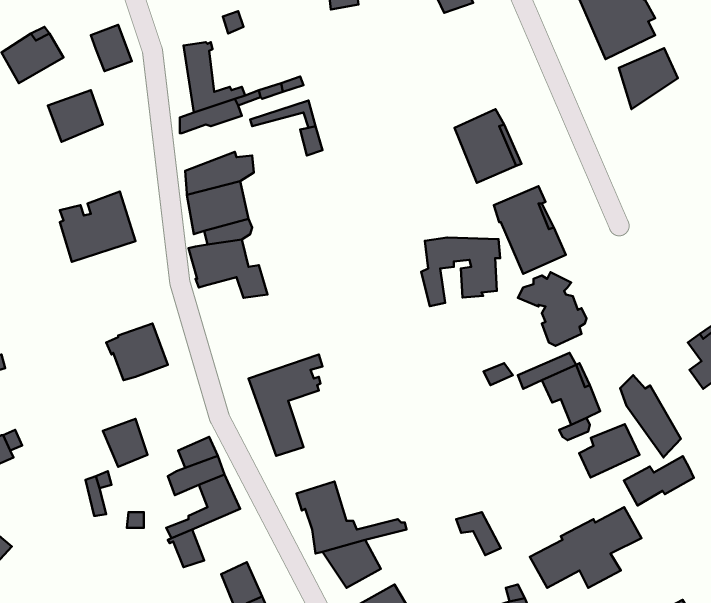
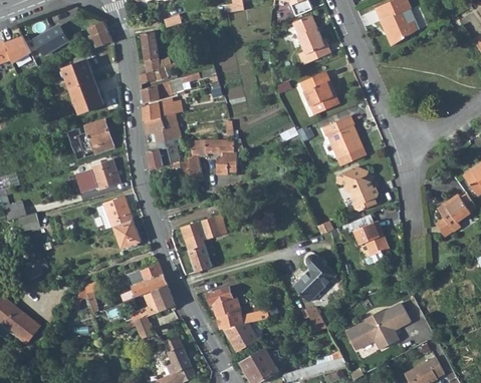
building: none -> [292,14,330,64]
building: [619,48,678,109] -> none
building: none -> [70,79,103,112]
building: none -> [141,79,172,102]
building: [421,238,500,306] -> [188,138,234,178]
building: none -> [76,158,121,192]
building: [620,375,681,458] -> none
building: [103,419,147,467] -> [113,220,140,248]
building: none -> [294,252,335,301]
building: [579,424,640,477] -> none
building: [624,456,694,505] -> none

